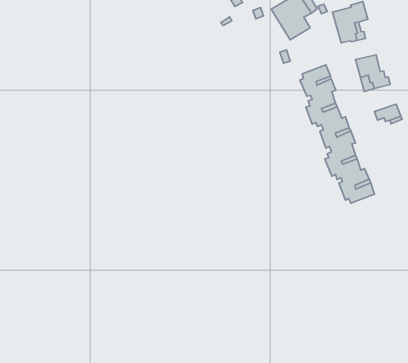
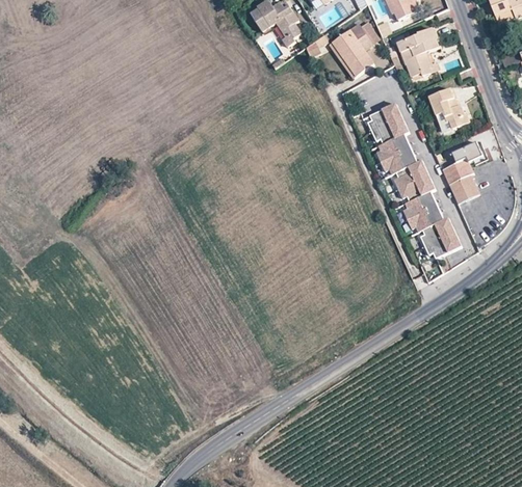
building: none -> [442,158,478,201]

